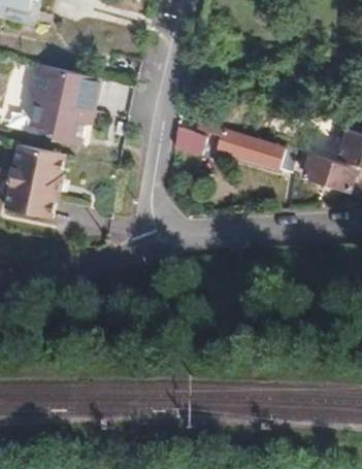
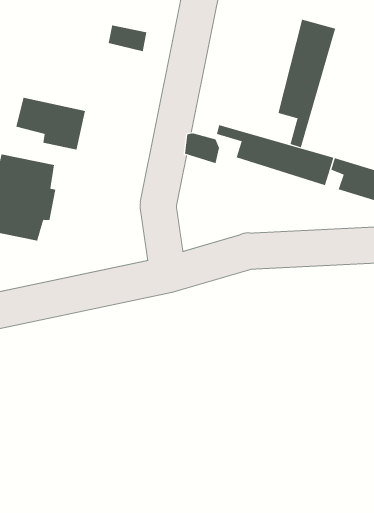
building: none -> [278,19,336,148]
building: [27,63,98,109] -> none

